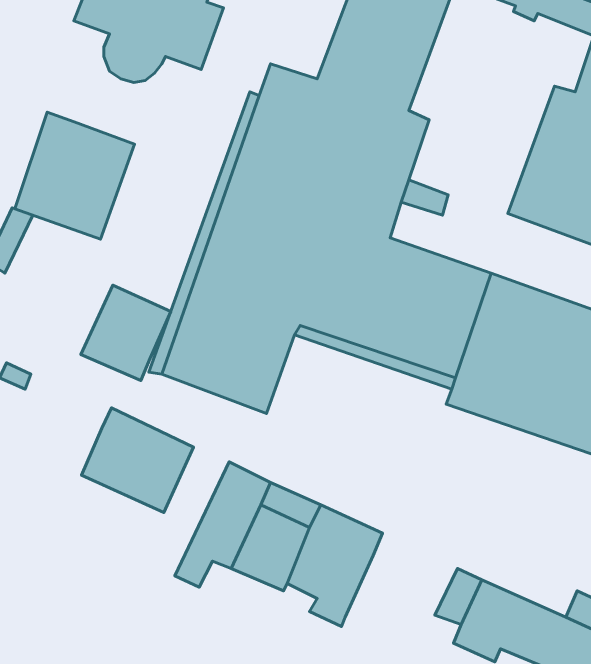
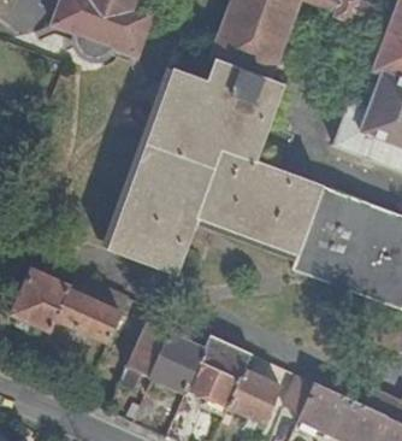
building: [15,112,135,239] -> none
building: [81,285,171,381] -> [13,269,71,330]
building: none -> [227,368,282,424]

